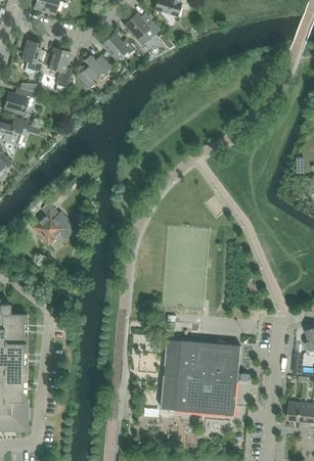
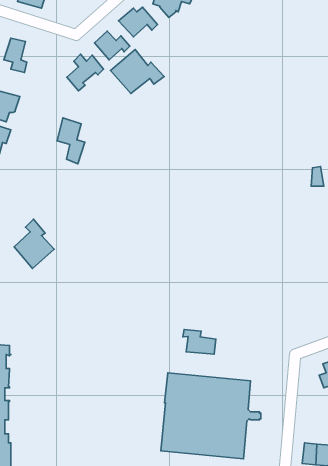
building: [48,47,73,88] -> [57,118,85,164]
building: none -> [110,50,164,94]
building: none -> [183,330,216,354]

